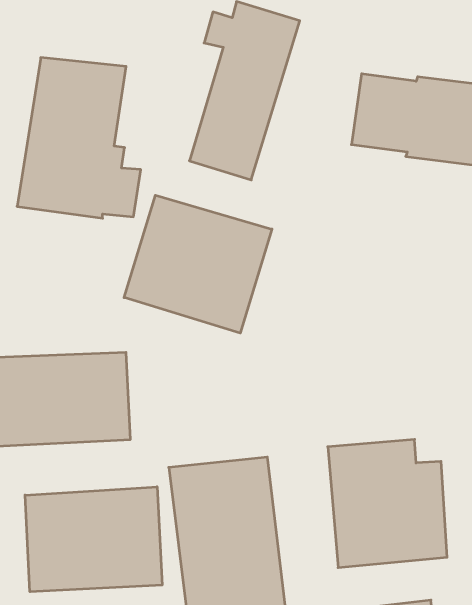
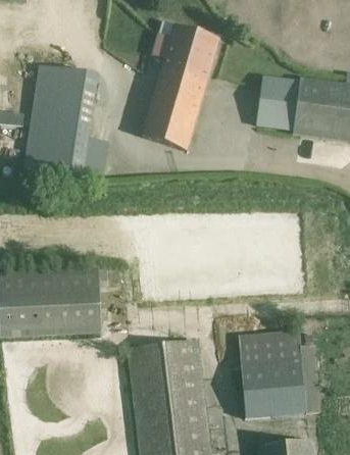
building: [124,195,272,333] -> none
building: [25,487,162,592] -> none

